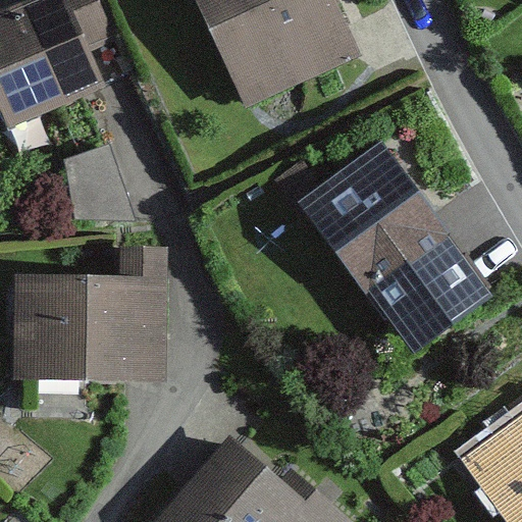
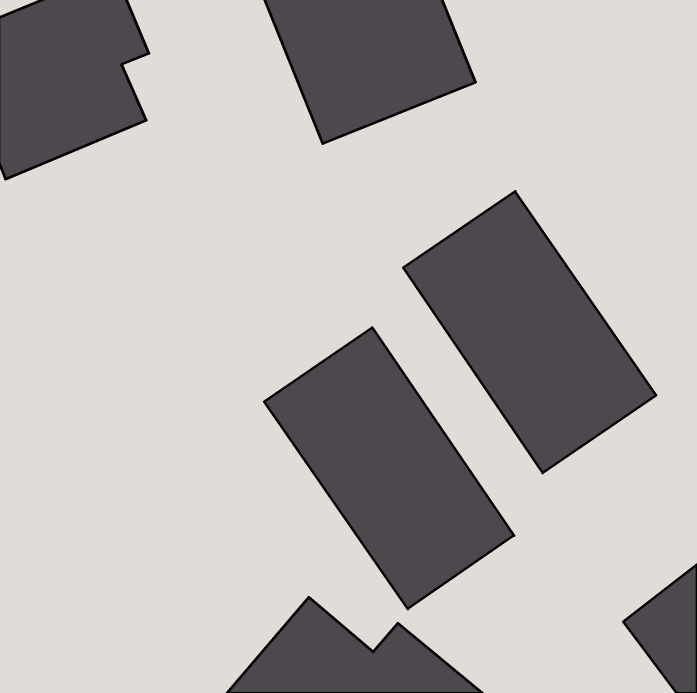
building: none -> [264,328,514,609]
building: [11,247,167,383] -> none

